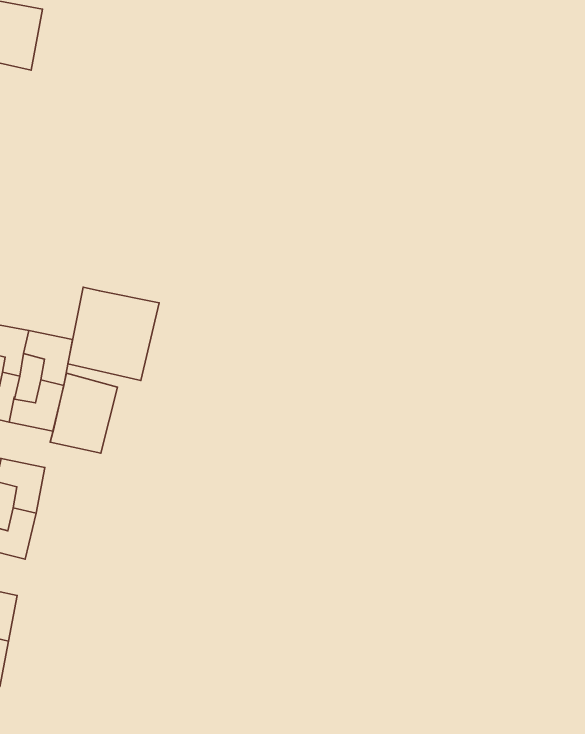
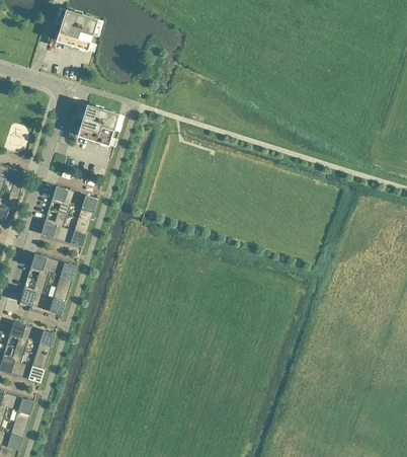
building: none -> [75,103,116,145]
building: [68,287,159,381] -> none
building: [50,373,117,453] -> none

